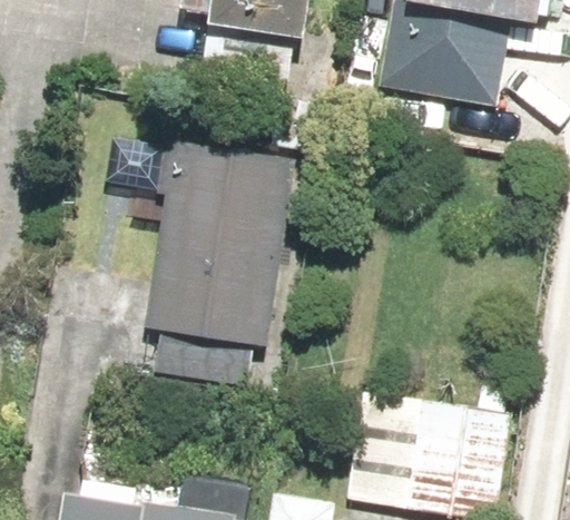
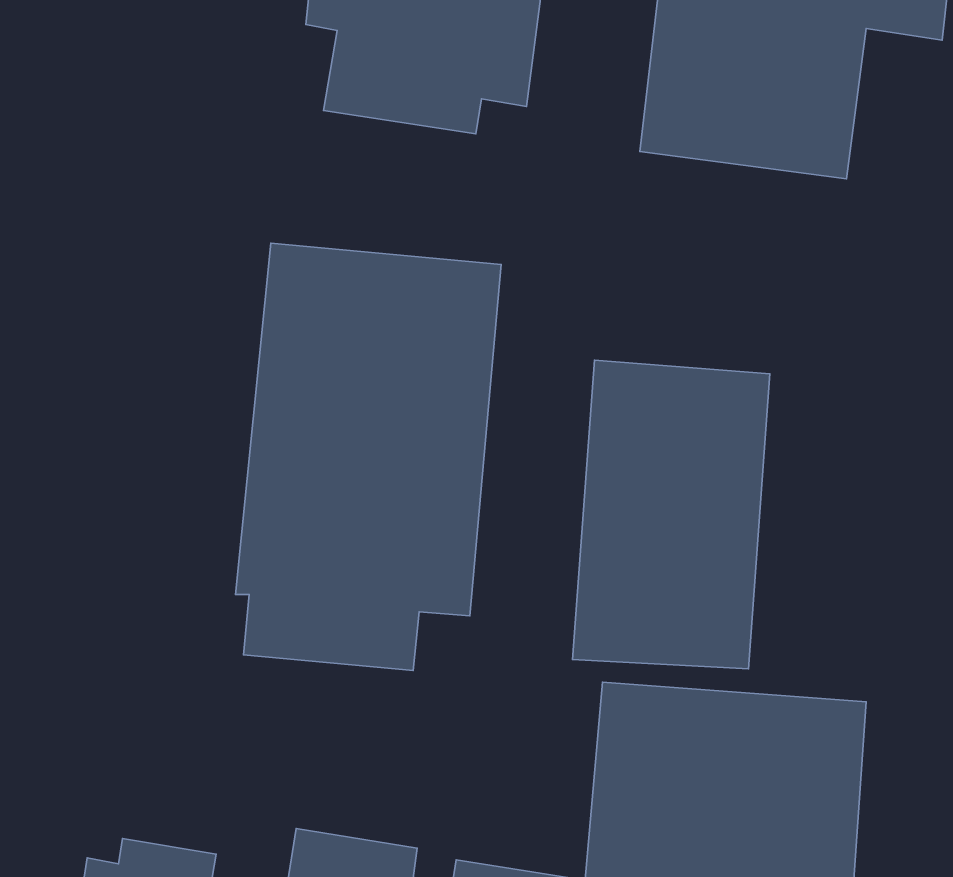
building: none -> [573,360,770,669]

